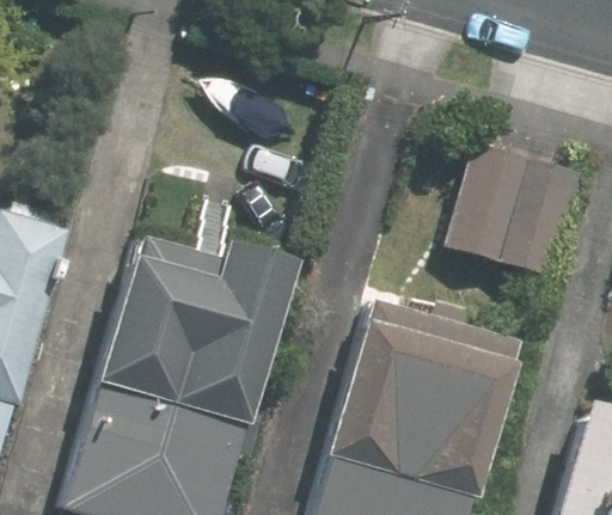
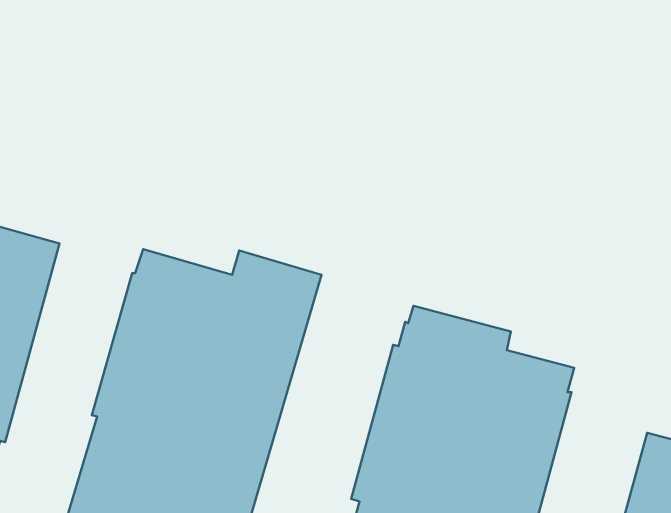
building: [446,143,589,280] -> none

